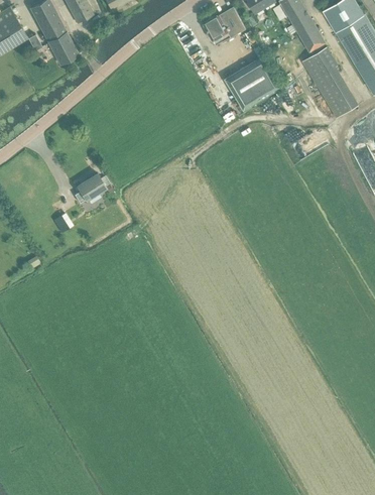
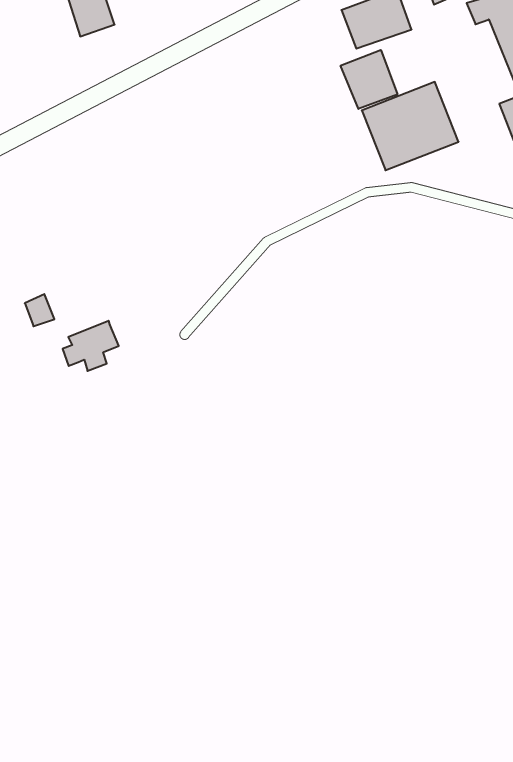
building: none -> [341,50,397,109]
building: [75,173,106,204] -> [63,321,119,371]

